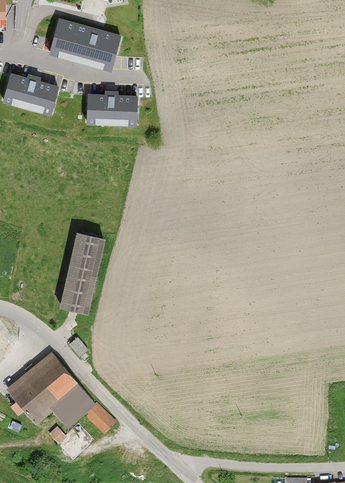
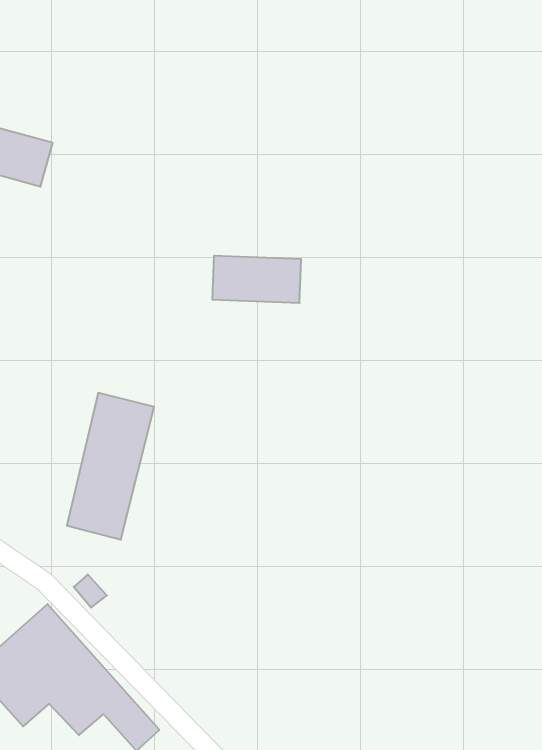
building: [45,20,116,68] -> none
building: [83,95,134,122] -> [212,256,301,303]

